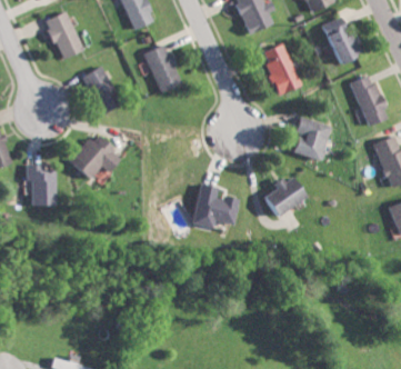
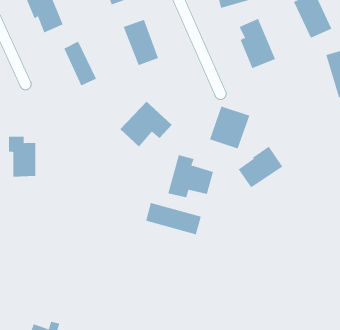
building: [290,117,332,161] -> [209,106,250,149]
building: [69,133,123,181] -> [120,101,173,148]
building: none -> [145,202,201,235]

